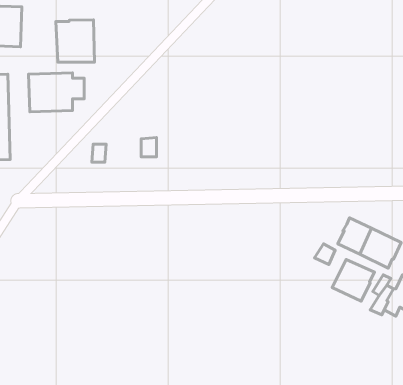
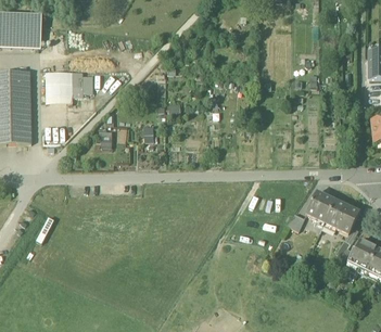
building: [56,20,95,62] -> none
building: [332,260,374,301] -> none

